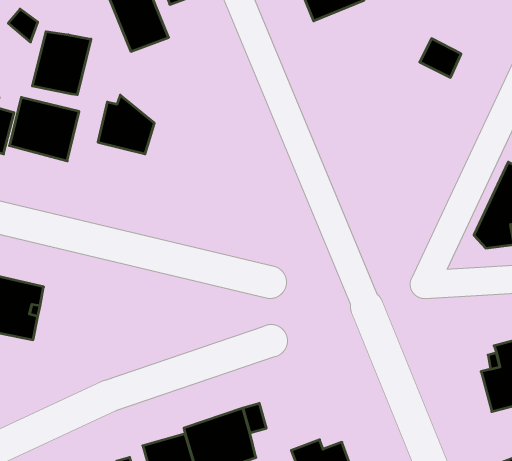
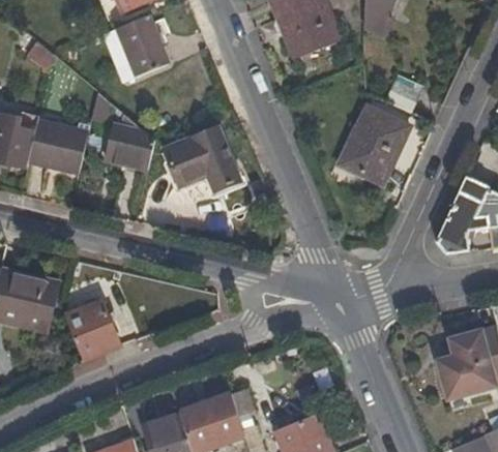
building: [32,32,91,95] -> none
building: none -> [341,99,409,176]
building: none -> [163,130,239,192]
building: none -> [65,303,121,363]

